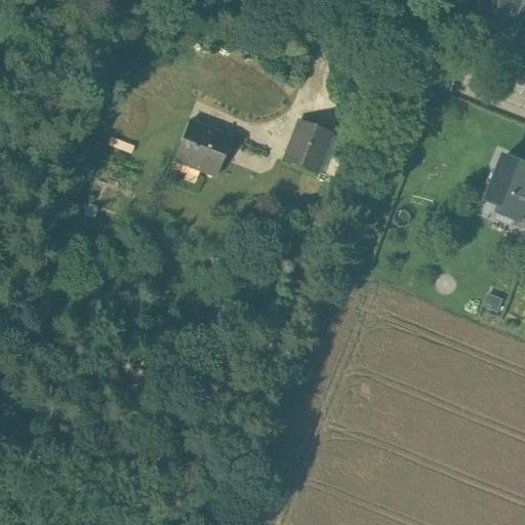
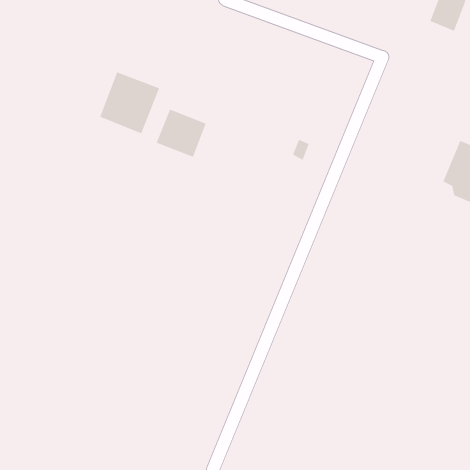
building: none -> [99,72,160,134]
building: [284,120,331,172] -> none

